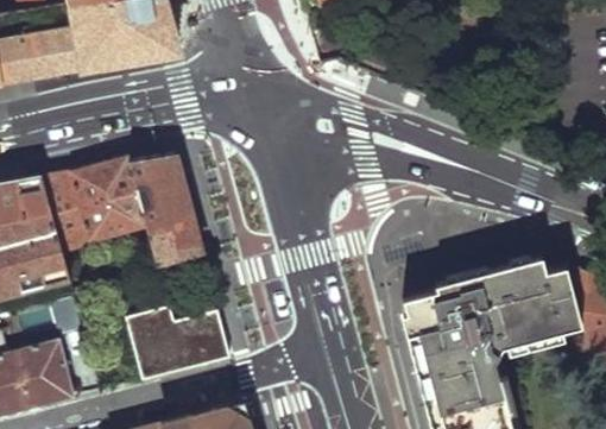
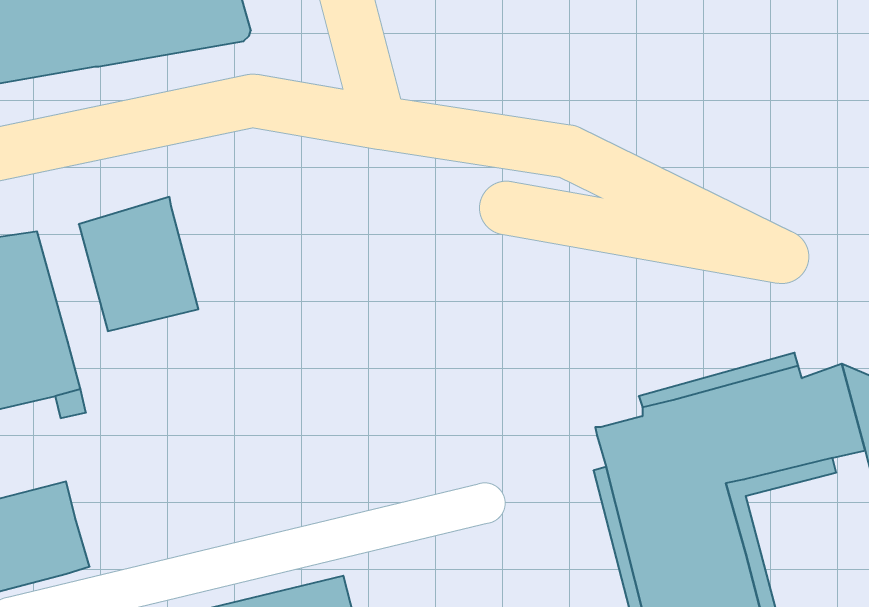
building: [128,151,202,264] -> none
building: [40,172,87,250] -> none
building: [125,307,229,380] -> none

